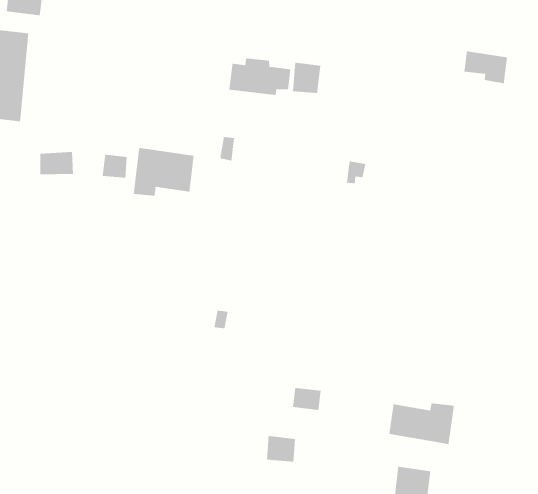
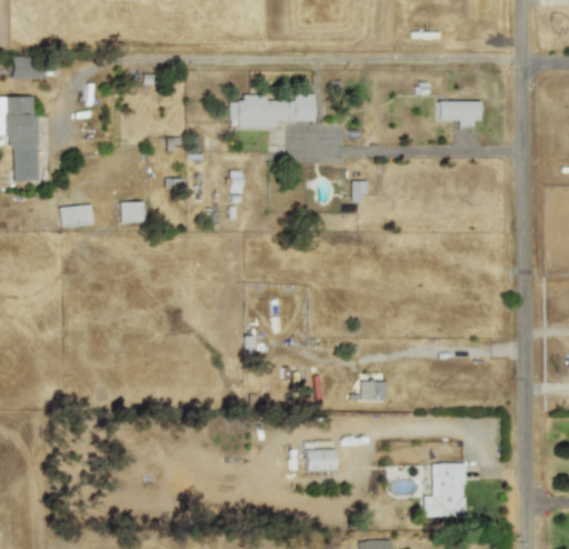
building: [464,51,508,84] -> [439,100,479,127]
building: [133,147,194,197] -> none
building: [292,387,321,410] -> [361,381,387,400]
building: [389,402,455,445] -> none

